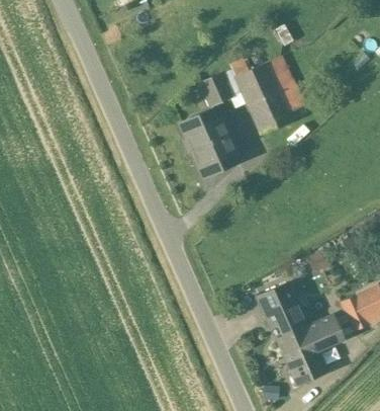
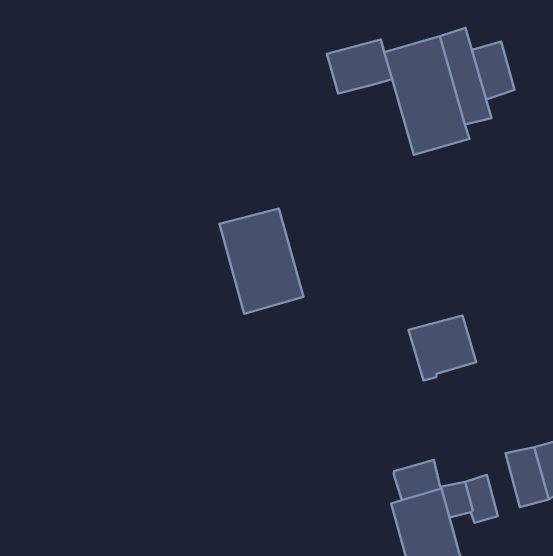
building: none -> [472,41,515,100]
building: [182,108,238,173] -> [219,209,304,314]
building: [257,283,299,325] -> [409,315,476,380]

